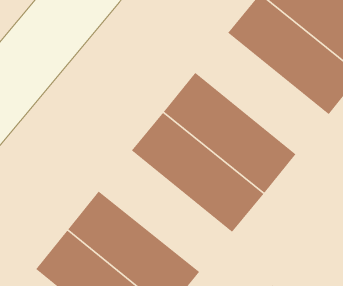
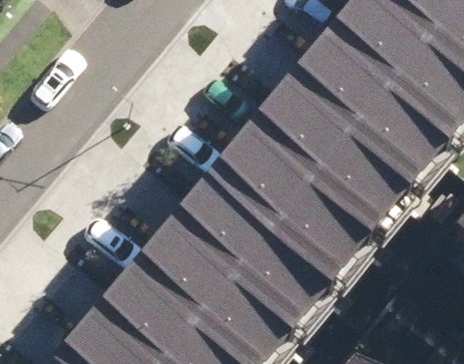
building: none -> [272,57,430,201]
building: none -> [157,197,316,340]

